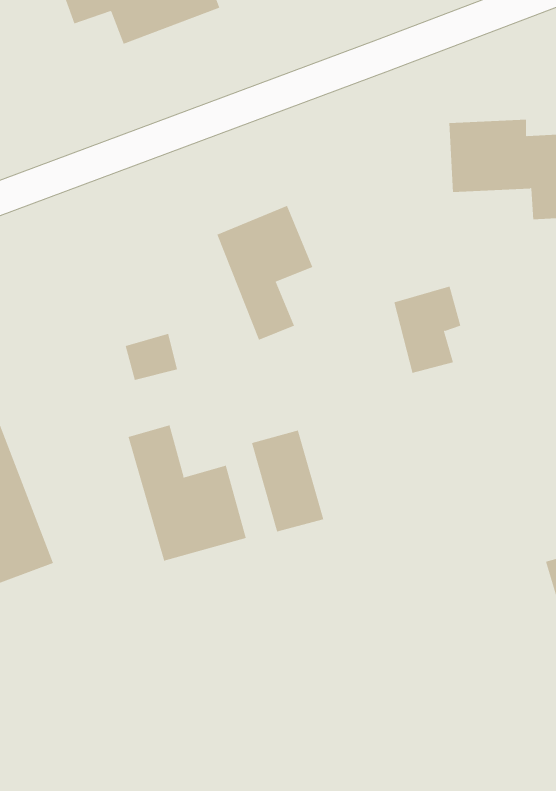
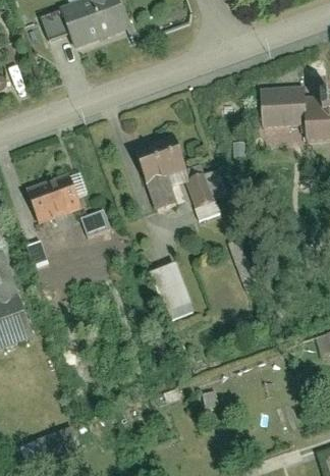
building: none -> [25,172,80,222]
building: [394,286,461,373] -> [185,166,223,215]
building: [128,425,246,561] -> none

